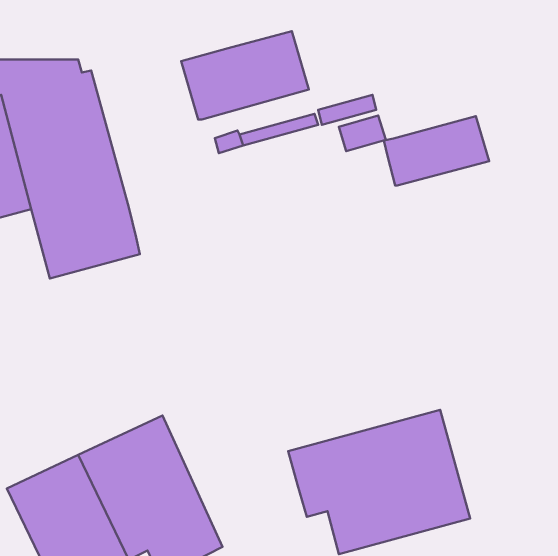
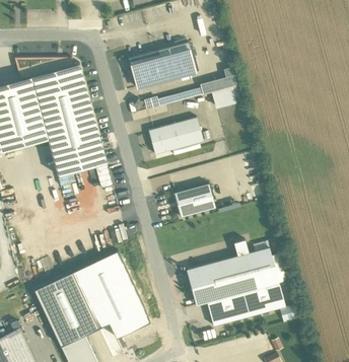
building: [384,116,489,185] -> [148,118,205,155]
building: none -> [173,184,214,217]

